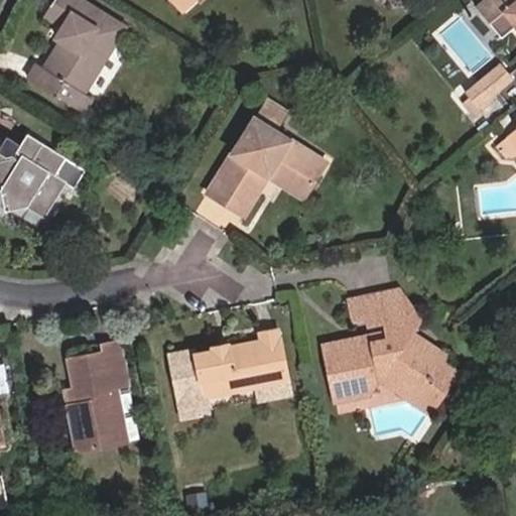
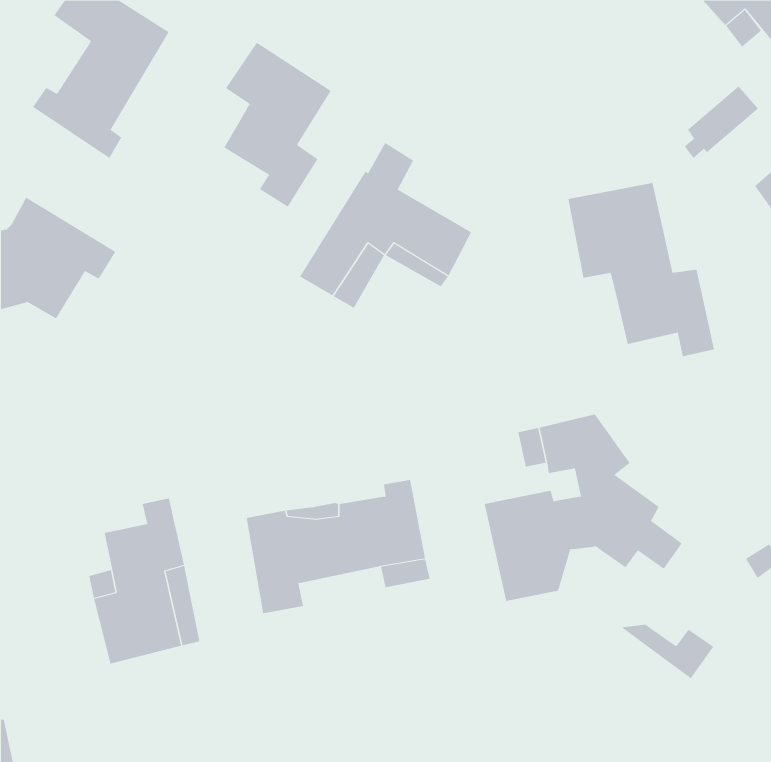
building: none -> [224,42,331,207]
building: none -> [568,182,715,357]
building: [383,373,444,409] -> [621,624,714,679]

